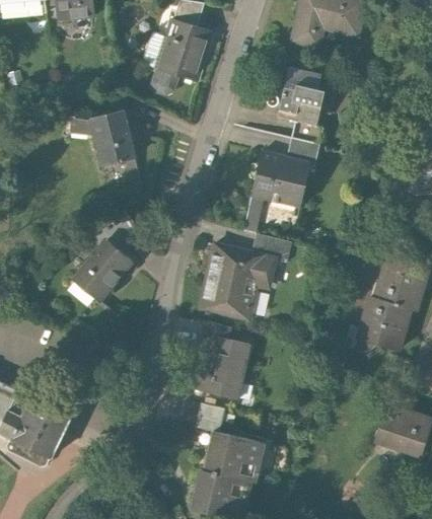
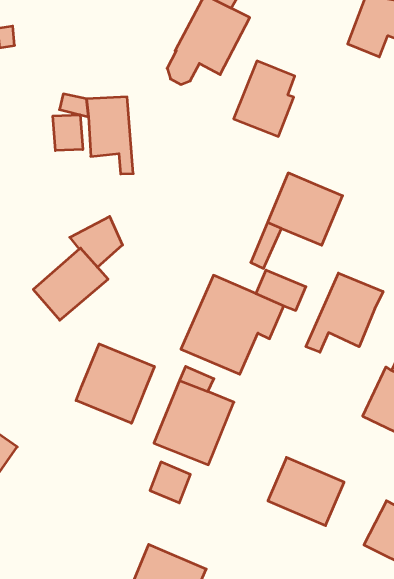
building: [278,66,323,124] -> [234,61,295,136]
building: none -> [53,115,83,151]
building: [287,138,319,165] -> none
building: none -> [306,273,383,352]
building: none -> [76,344,154,423]
building: [203,434,262,484] -> [268,457,344,526]

